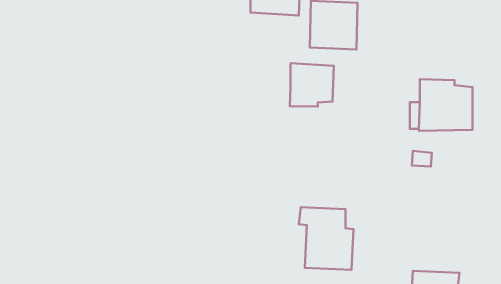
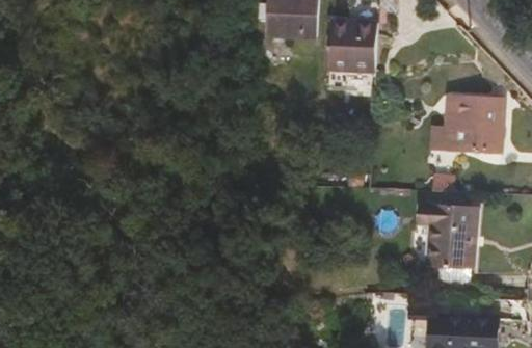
building: [290,63,334,107] -> none
building: [299,207,353,270] -> [424,204,481,269]

